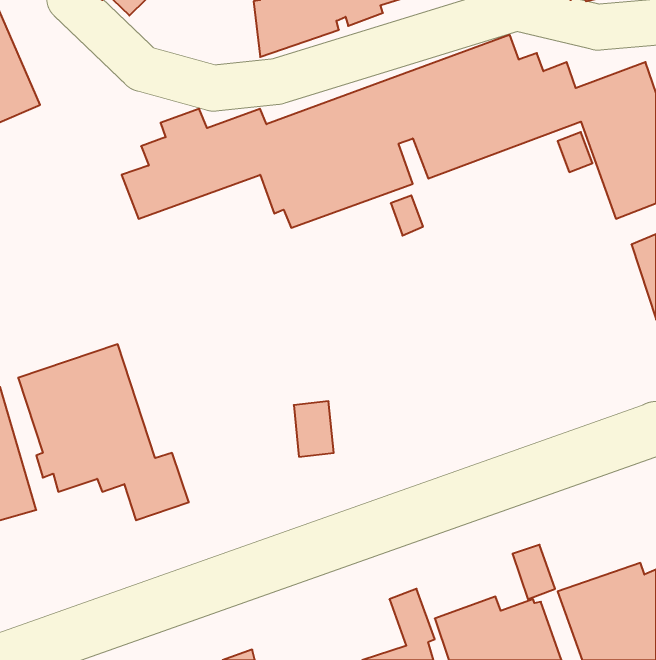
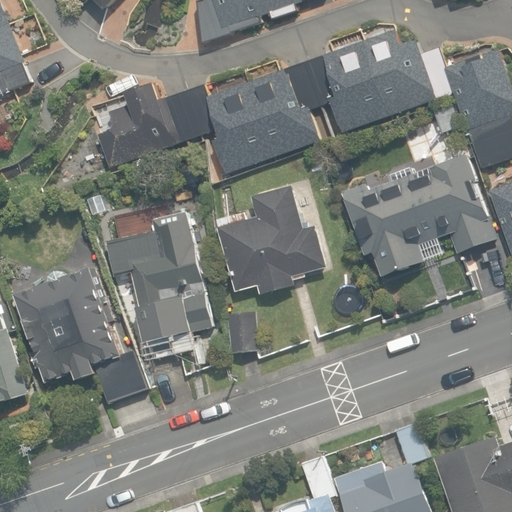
building: none -> [341,154,497,277]
building: none -> [217,184,326,293]
building: none -> [106,212,211,354]

